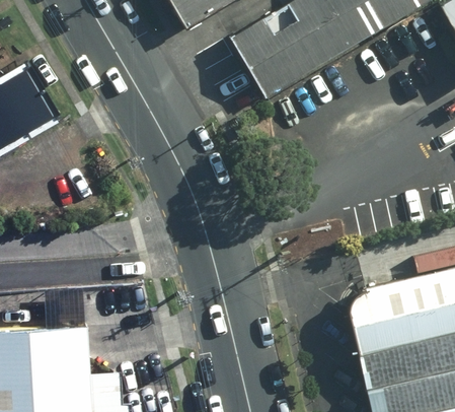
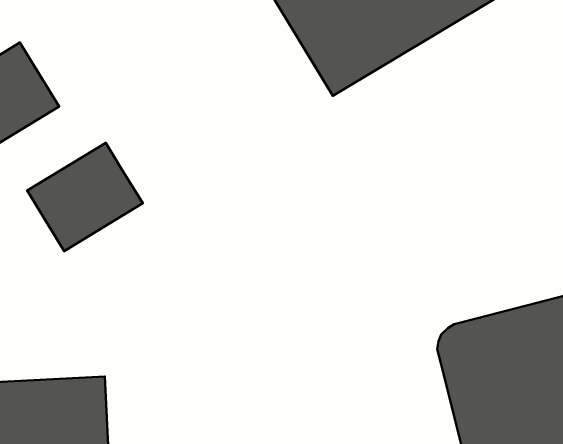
building: none -> [27,143,143,251]

